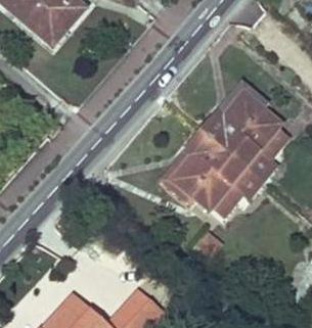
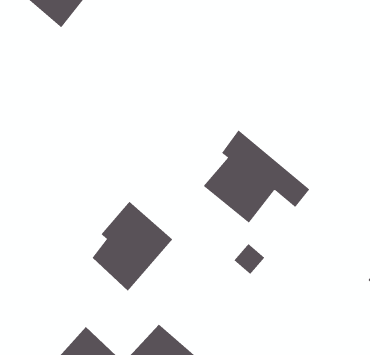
building: [200,92,279,180] -> none
building: none -> [92,201,173,291]

